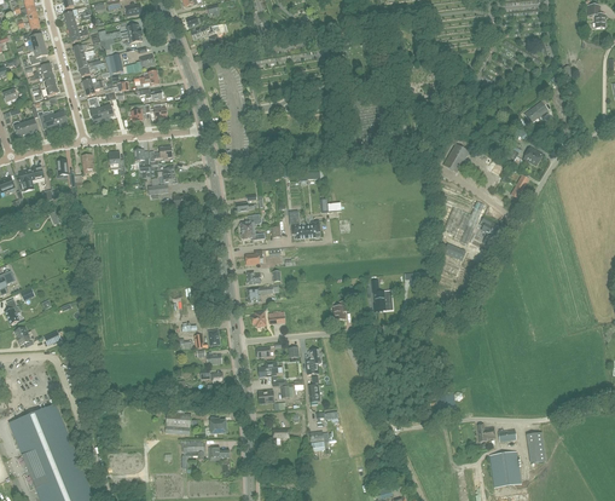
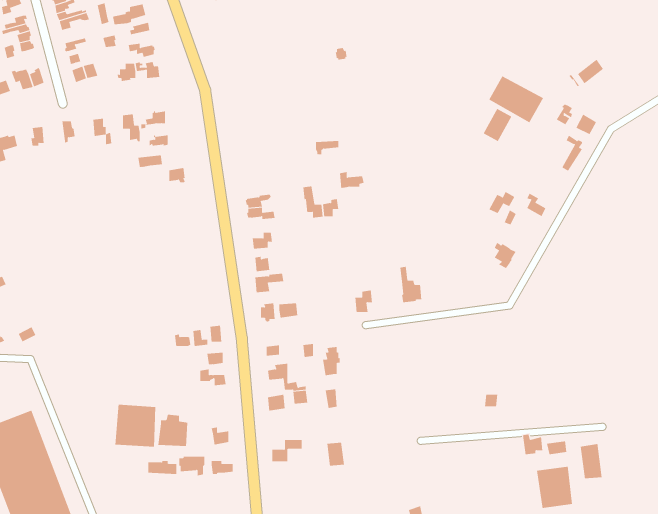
building: none -> [488,75,544,123]
building: none -> [115,404,156,447]

